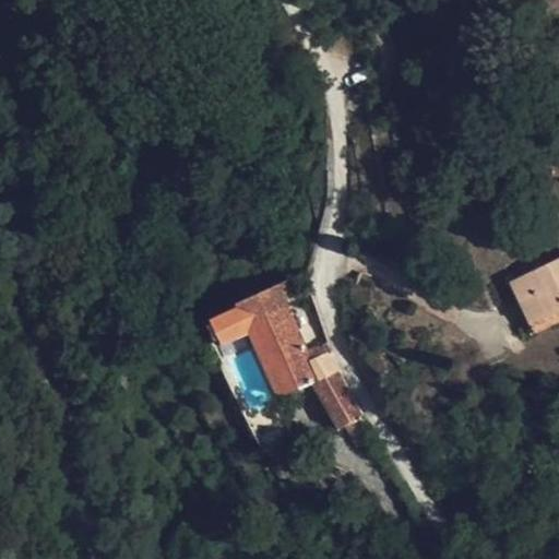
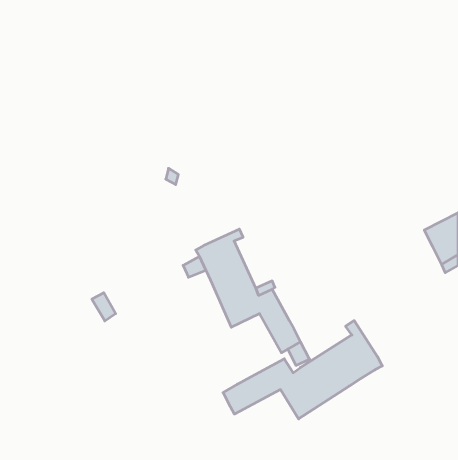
building: none -> [223,321,382,419]

